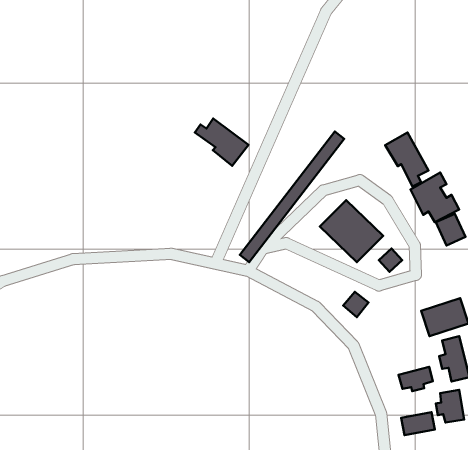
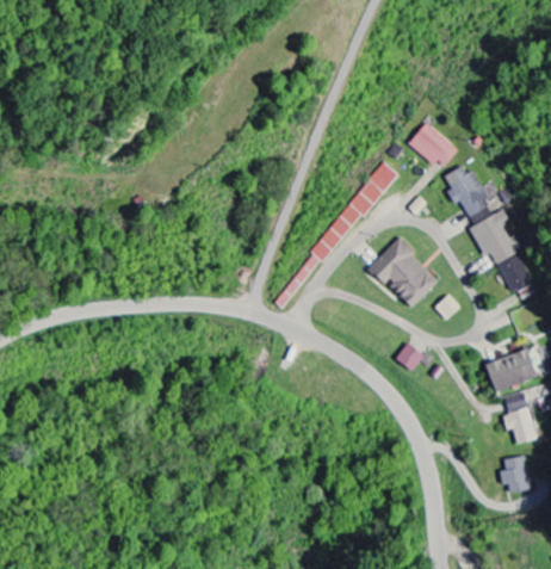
building: none -> [409,122,458,168]
building: [195,118,248,166] -> none
building: [398,367,433,391] -> none
building: [401,412,435,435] -> none

